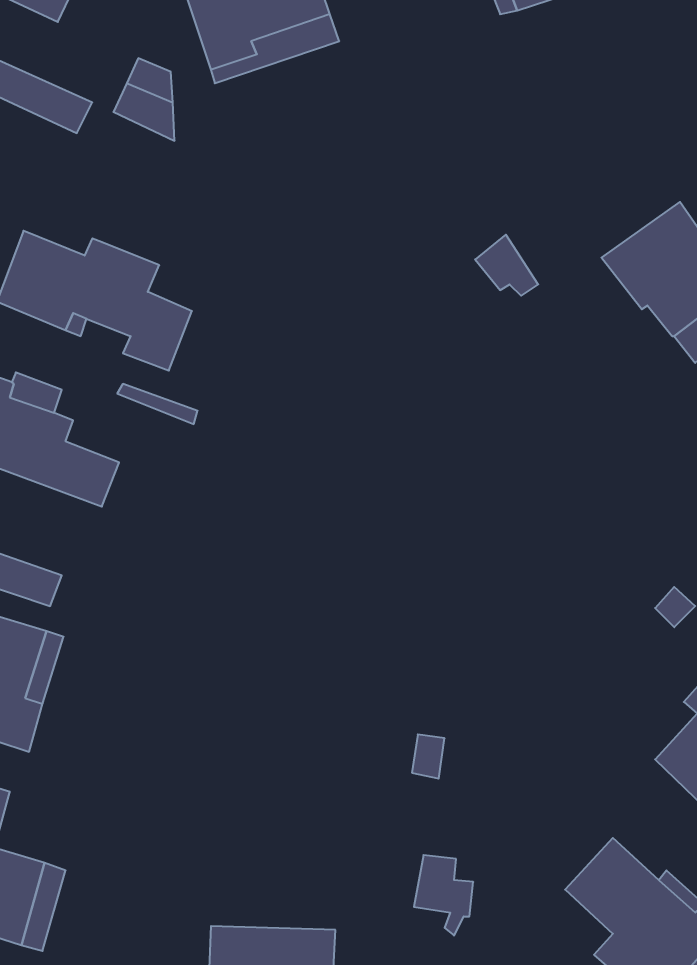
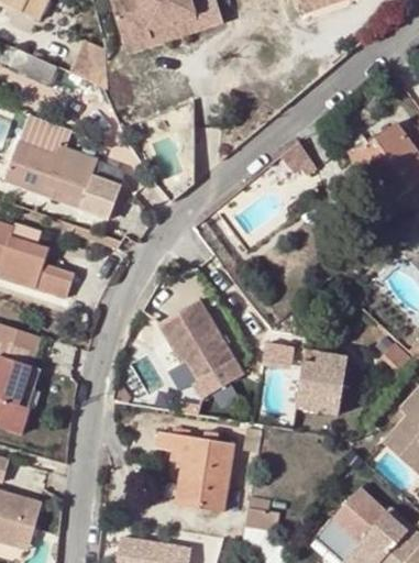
building: none -> [20,114,70,153]
building: none -> [157,300,242,399]
building: none -> [260,340,346,415]
building: none -> [156,432,234,510]

